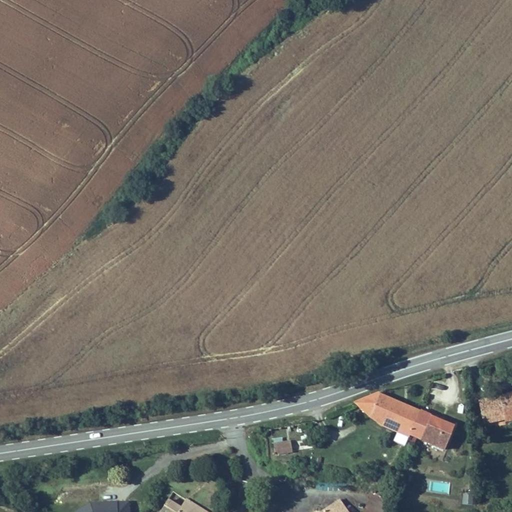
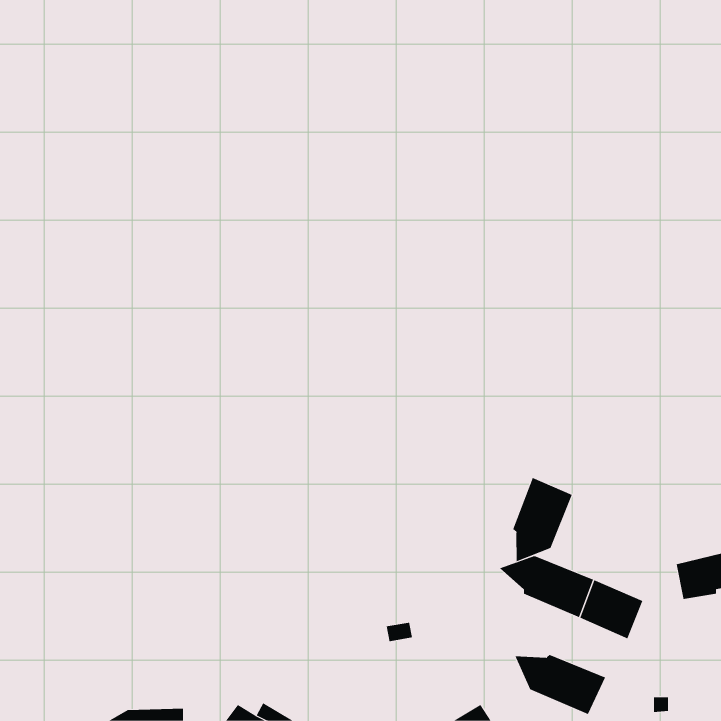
building: none -> [513,477,573,562]
building: none -> [514,654,606,715]

